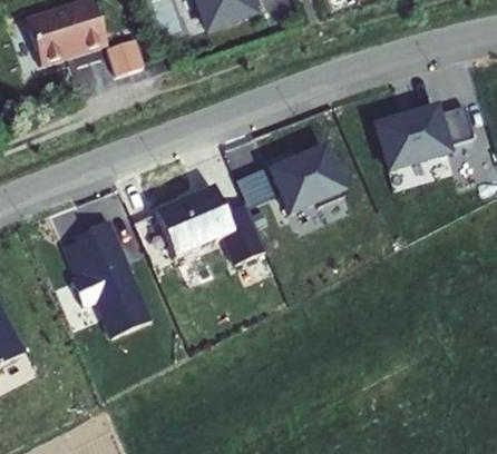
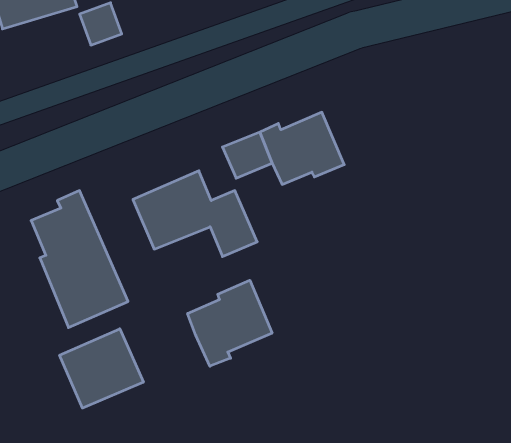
building: [370,112,468,179] -> none
building: none -> [188,280,272,366]
building: none -> [60,329,143,408]

